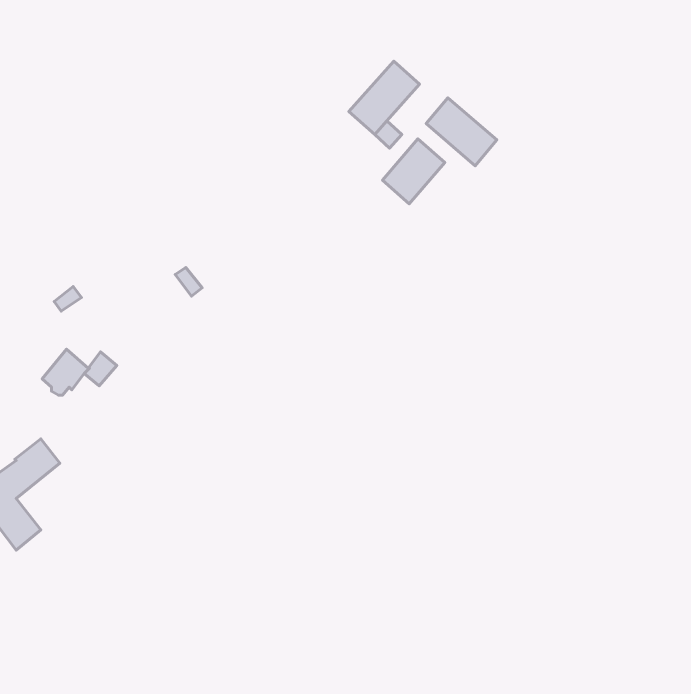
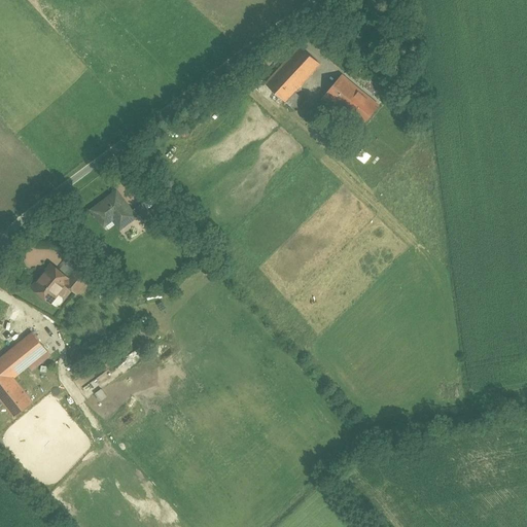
building: [382,139,445,204] -> none
building: none -> [91,191,134,227]

